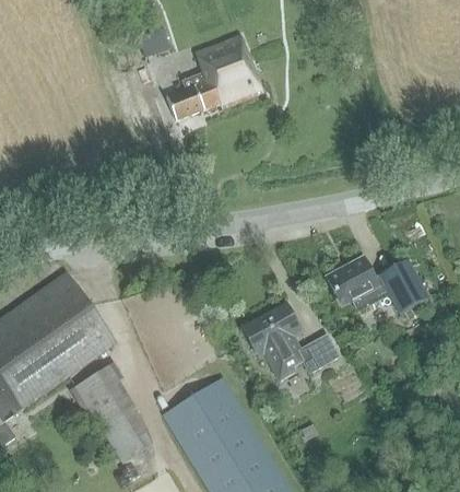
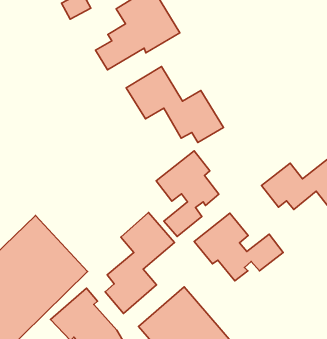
building: none -> [126,66,223,143]
building: none -> [156,151,219,236]
building: none -> [105,213,174,313]

